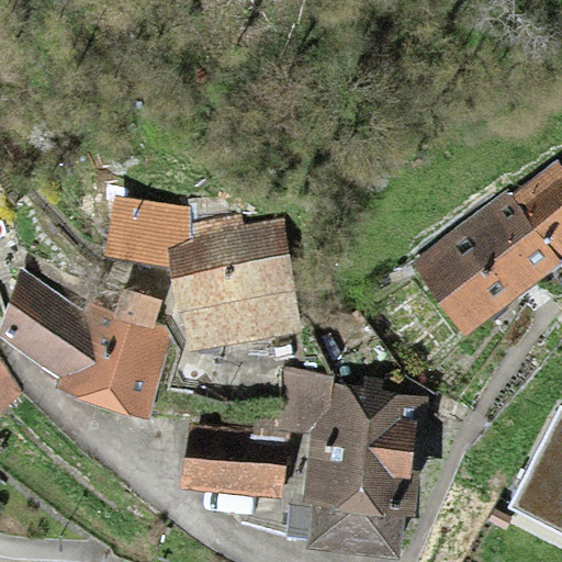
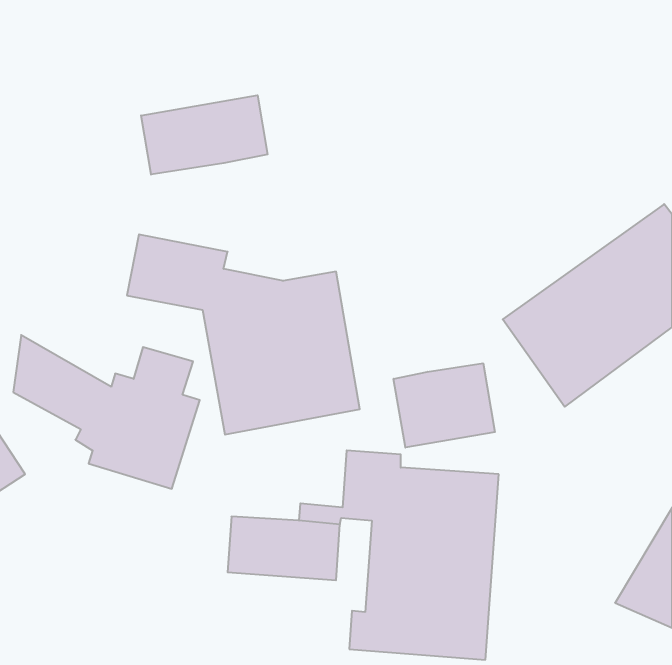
building: none -> [141,95,268,175]
building: none -> [394,363,495,448]

